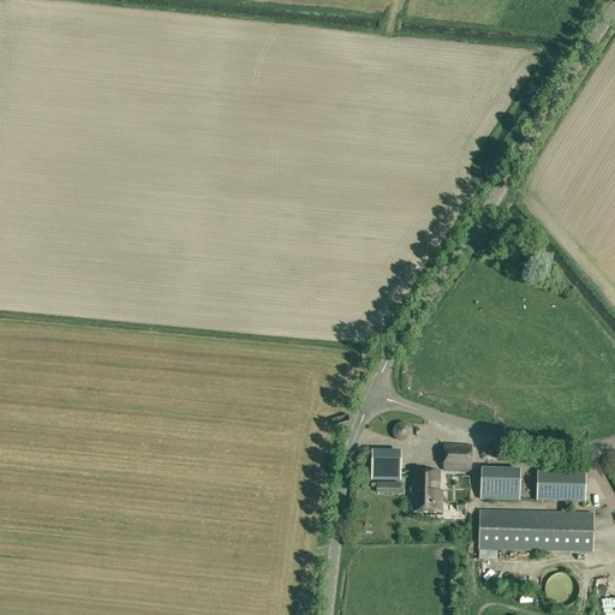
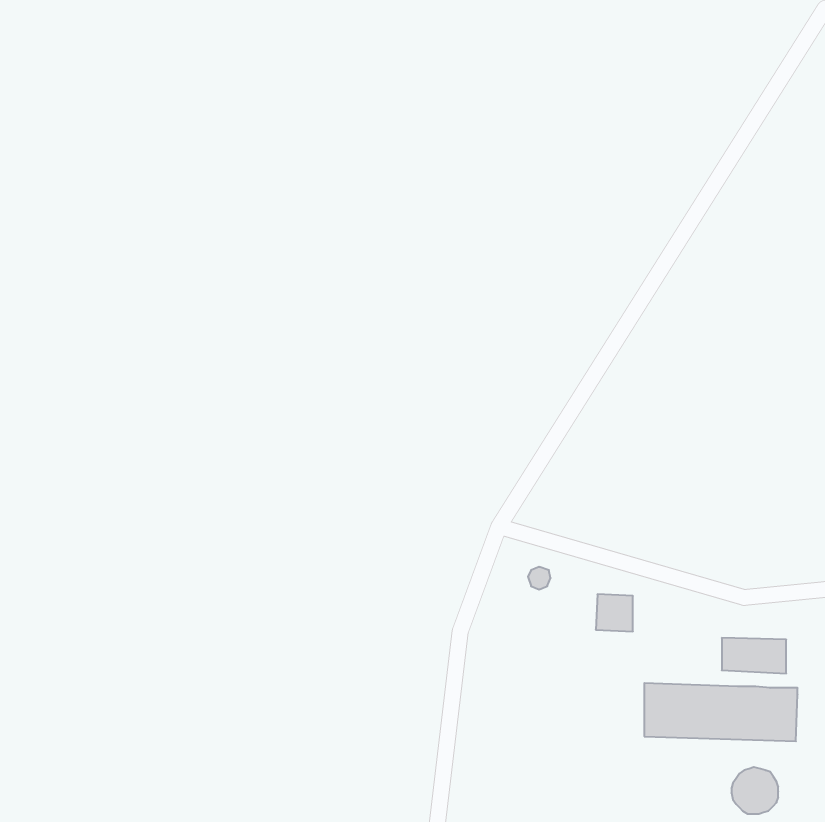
building: [371,454,400,478] -> none
building: [480,467,521,500] -> none
building: [411,470,442,510] -> none

